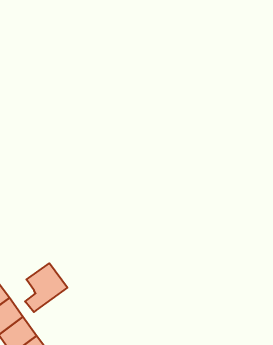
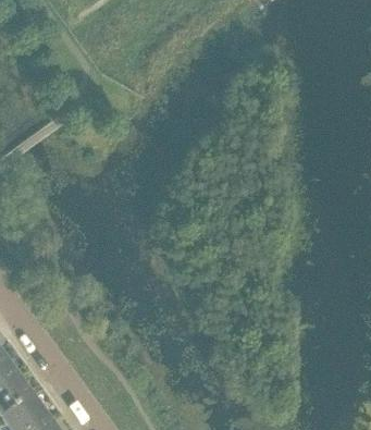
building: [25,263,67,312] -> none

